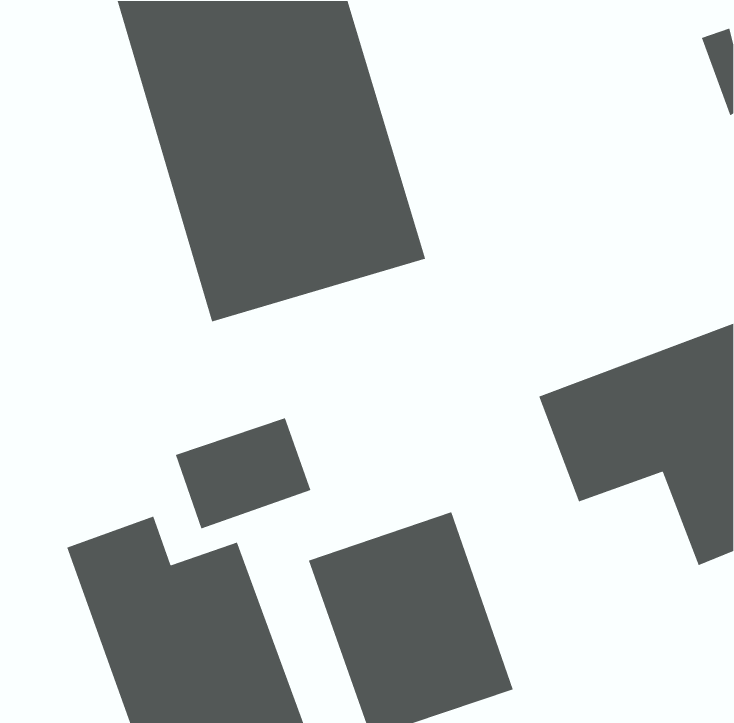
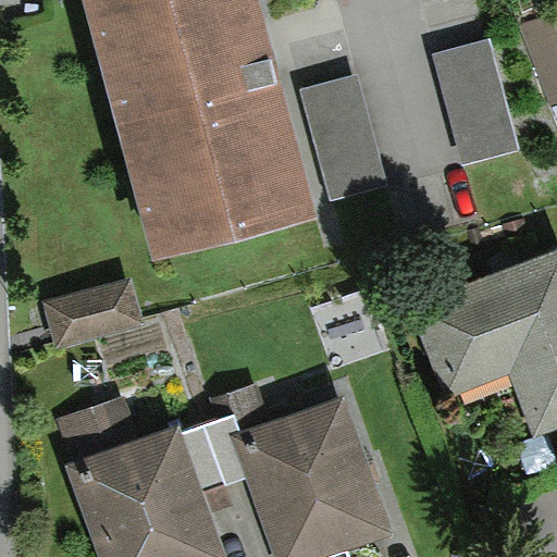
building: none -> [432,48,509,165]
building: none -> [304,79,392,210]
building: [175,417,312,529] -> [49,280,152,364]

